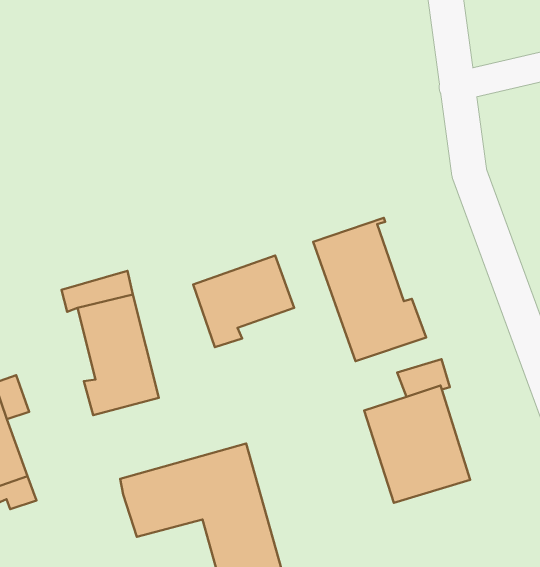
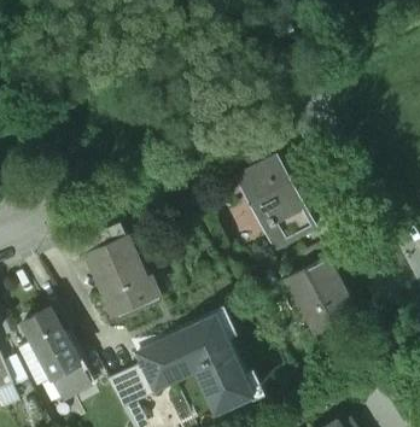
building: [193,256,294,347] -> none
building: none -> [106,363,156,406]

